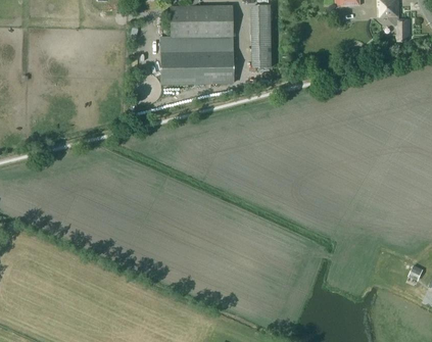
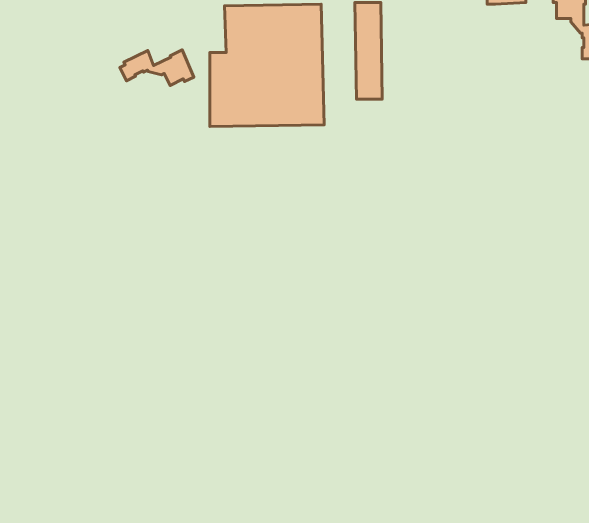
building: none -> [120,50,194,86]

